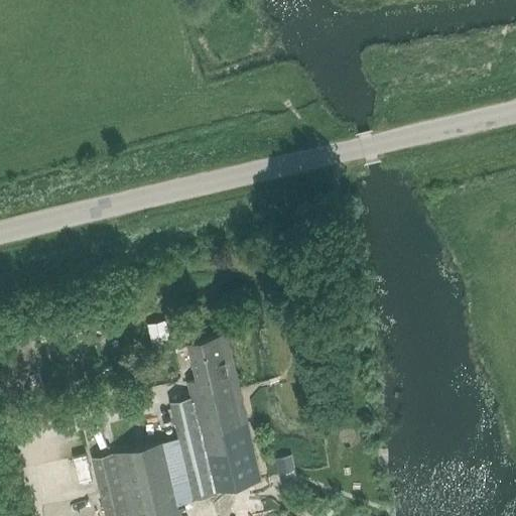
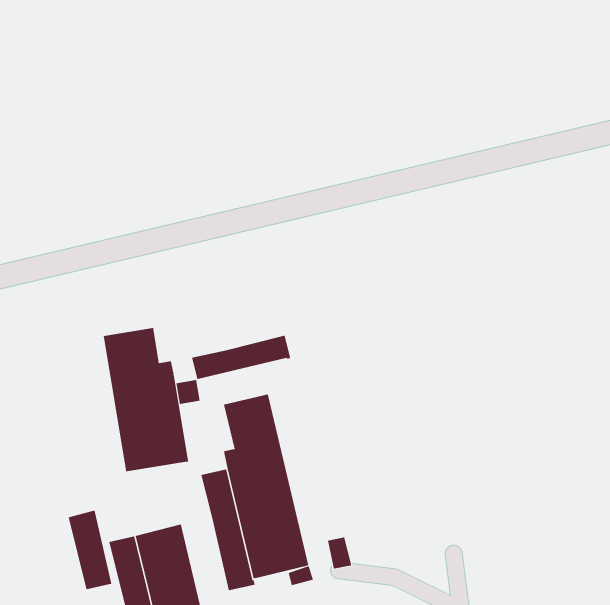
building: none -> [103,327,189,472]
building: none -> [191,335,291,380]
building: [155,440,192,508] -> [68,510,112,590]

